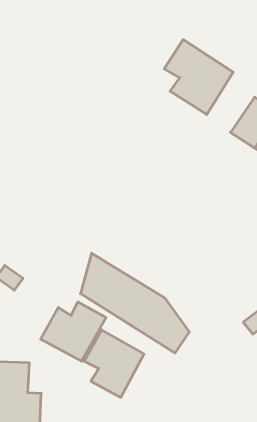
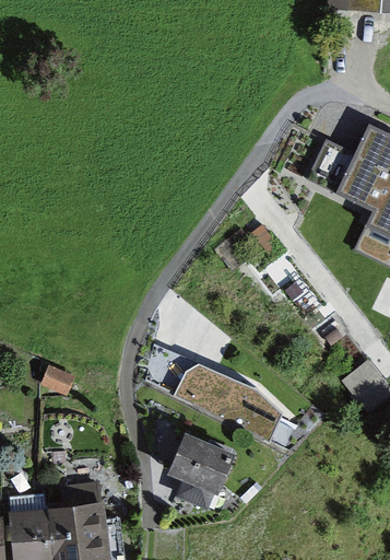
building: [164,40,233,115] -> none
building: [41,302,106,361] -> none

